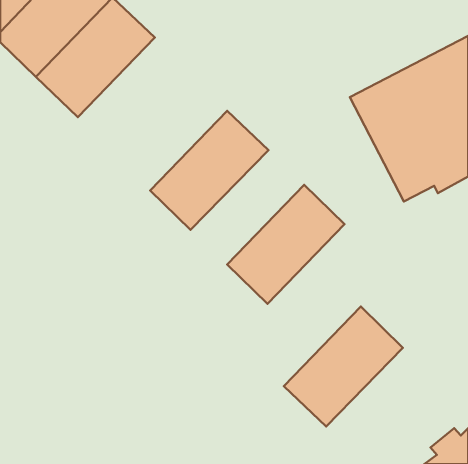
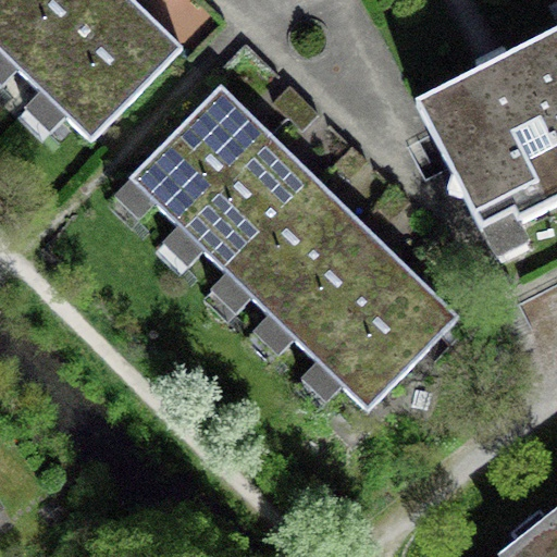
building: none -> [129,85,270,226]
building: none -> [226,178,361,314]
building: [284,306,403,426] -> [318,267,459,409]

